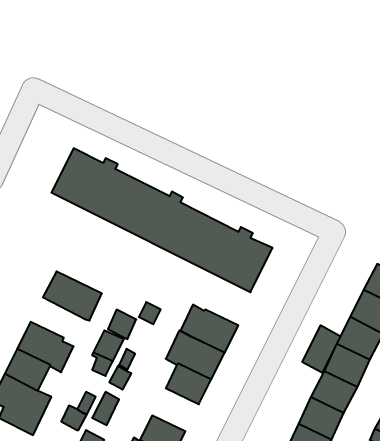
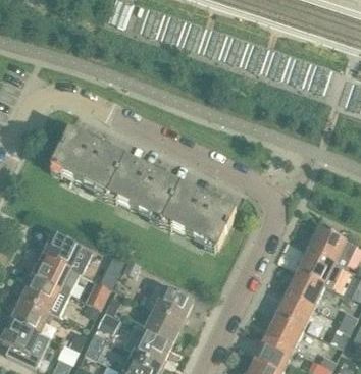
building: none -> [33,253,79,293]
building: [181,305,238,353] -> [124,324,172,364]
building: [302,325,341,373] -> none

